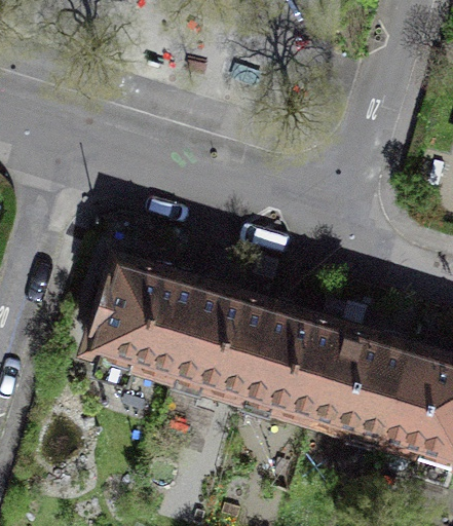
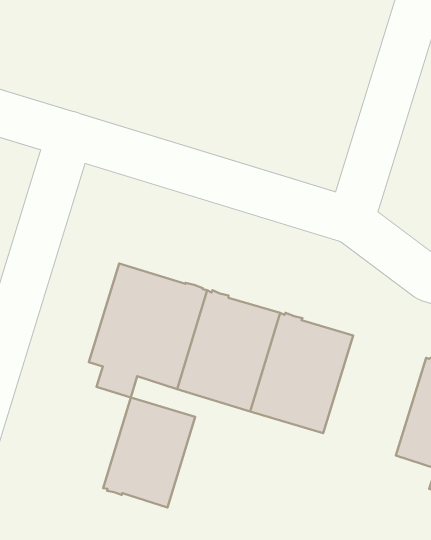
building: [311,327,410,442] -> none
building: none -> [103,398,195,508]

